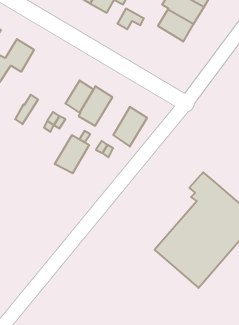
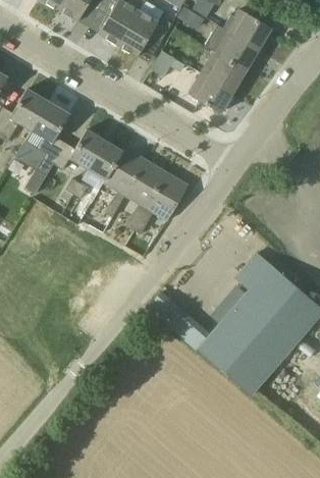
building: none -> [188,72,232,113]
building: none -> [24,102,69,153]
building: none -> [68,128,104,168]
building: [55,135,89,173] -> [123,160,166,207]

